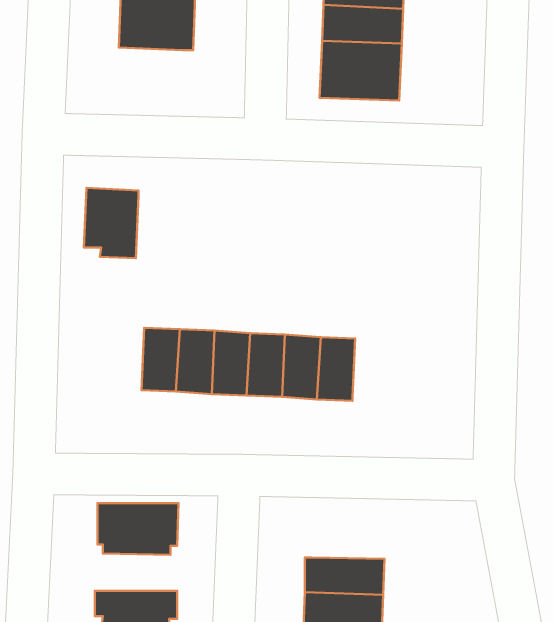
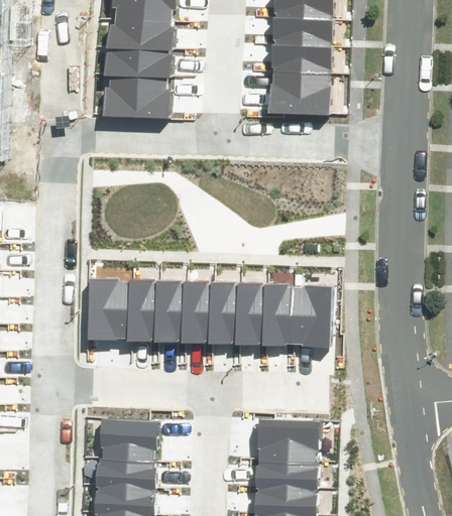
building: none -> [113,75,163,117]
building: [84,188,138,258] -> [93,281,134,335]
building: none -> [293,295,334,341]
building: none -> [258,420,318,463]
building: none -> [99,459,160,487]

